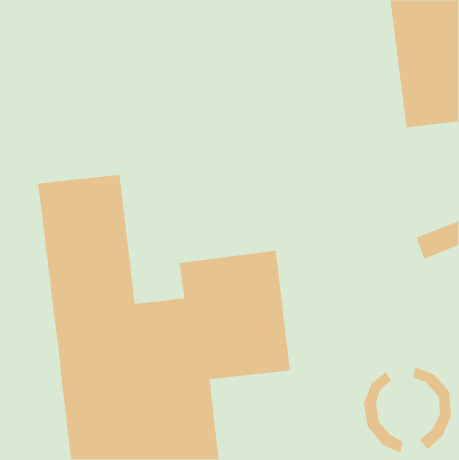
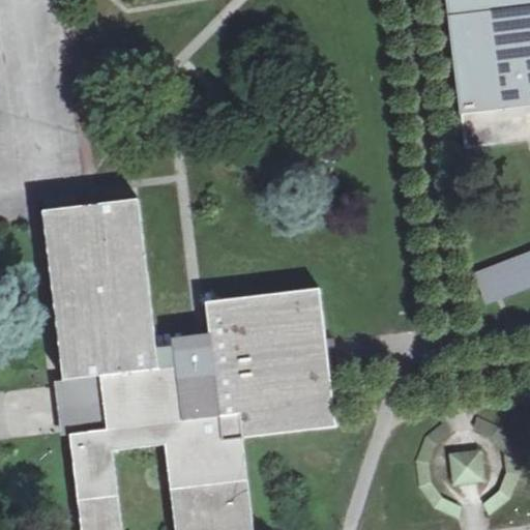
building: none -> [449,453,483,489]

